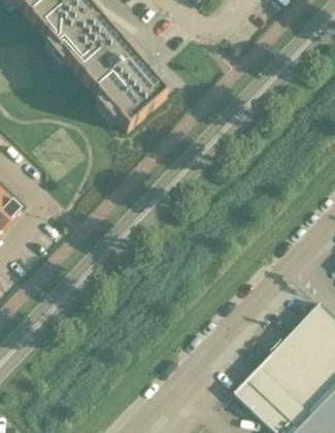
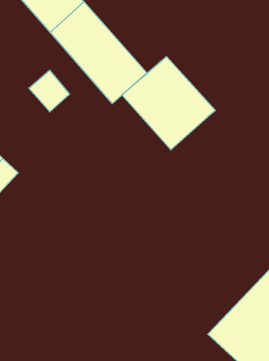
building: none -> [122,56,215,150]
building: none -> [29,70,69,112]

